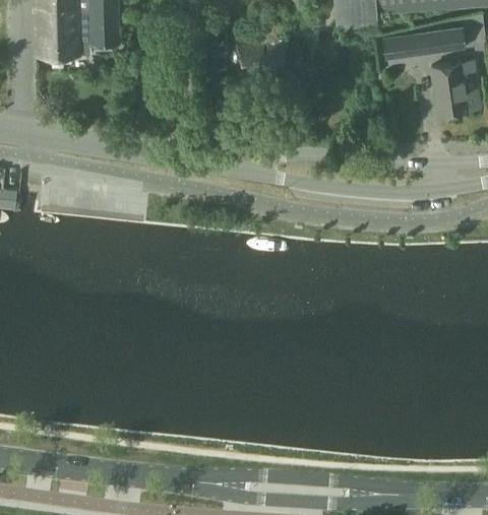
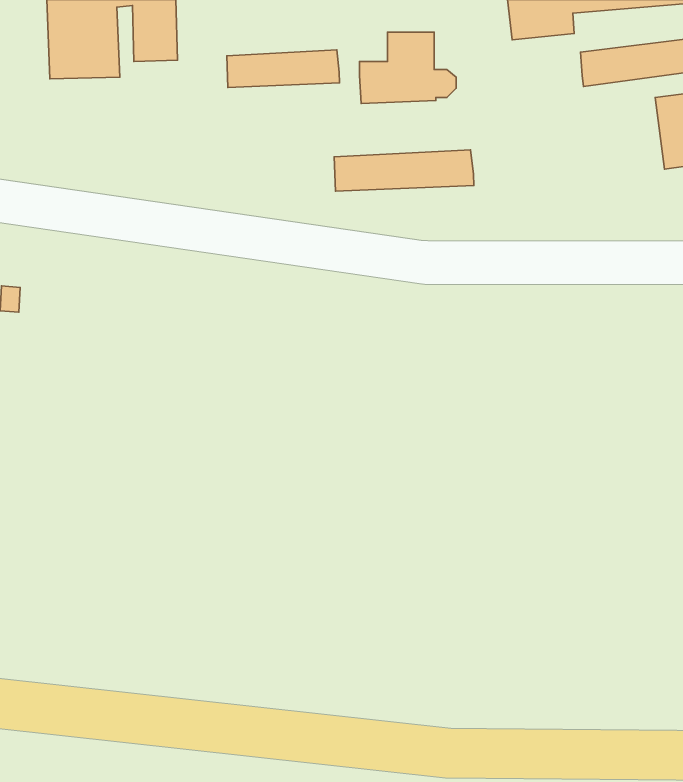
building: none -> [227,50,340,88]
building: none -> [334,150,474,191]

